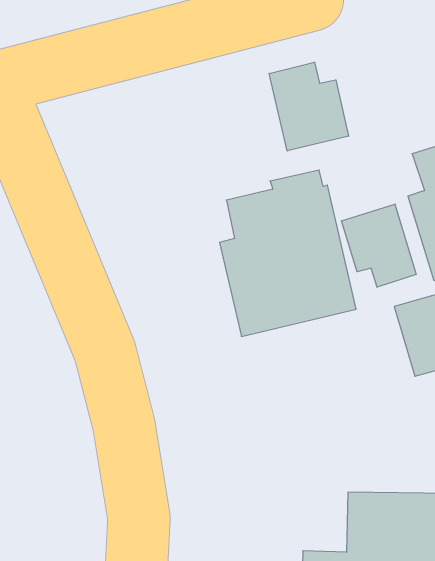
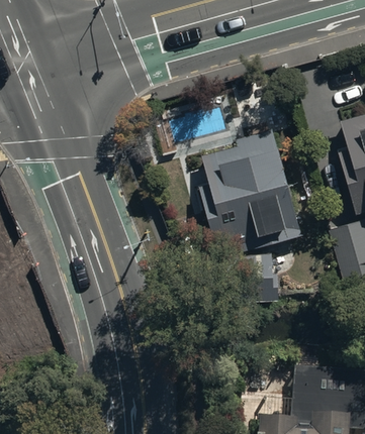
building: [269,62,349,151] -> none
building: [342,204,416,287] -> none

